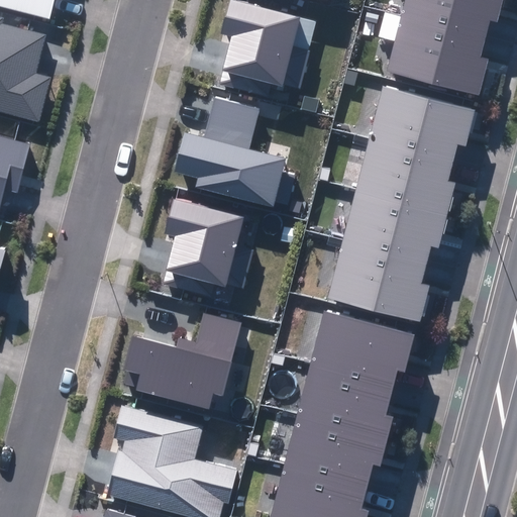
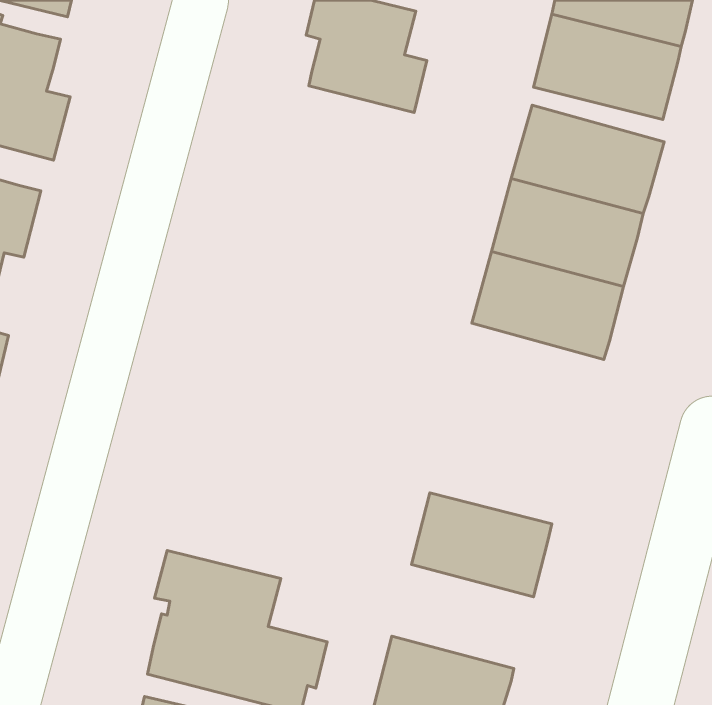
building: [174,98,294,206] -> none
building: [164,197,251,290] -> none
building: [325,241,434,320] -> none
building: [309,312,411,386] -> none
building: [125,314,240,403] -> none
building: [282,415,384,490] -> none

